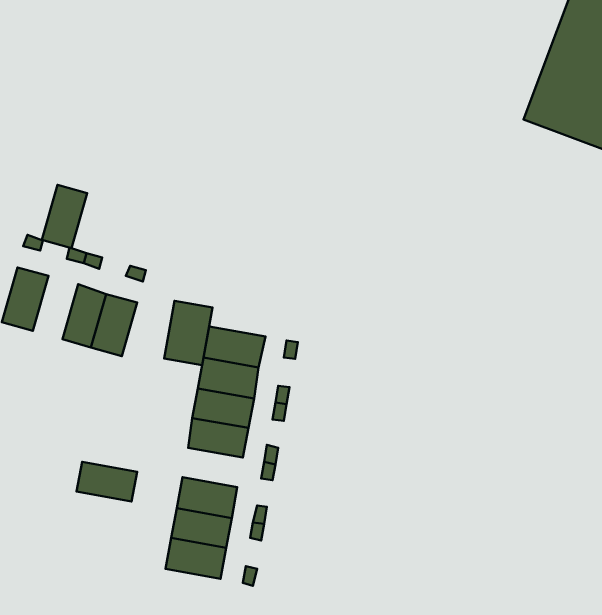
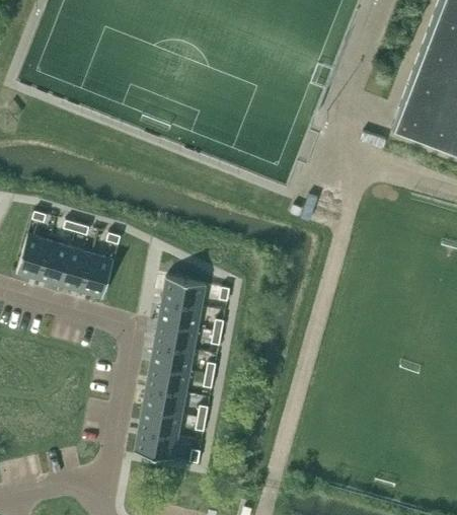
building: [42,185,87,248] -> [39,241,71,287]
building: [164,301,212,365] -> none
building: [77,462,137,501] -> [146,365,189,393]

